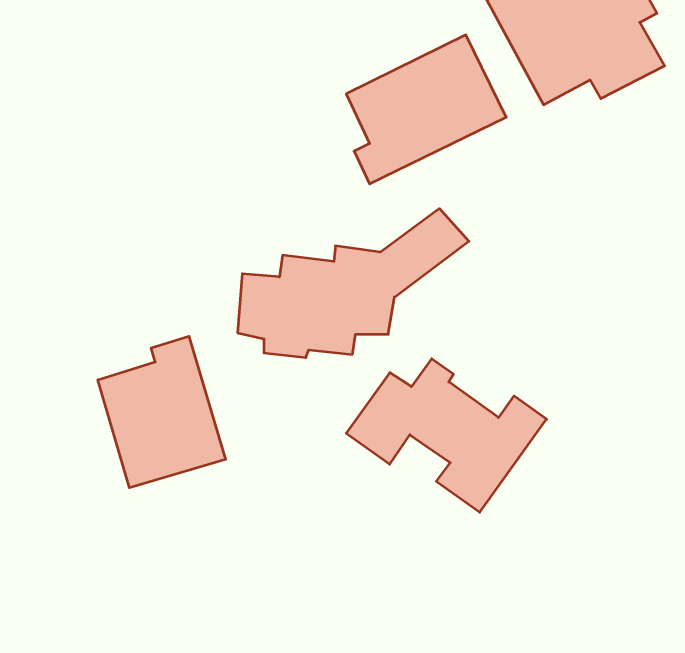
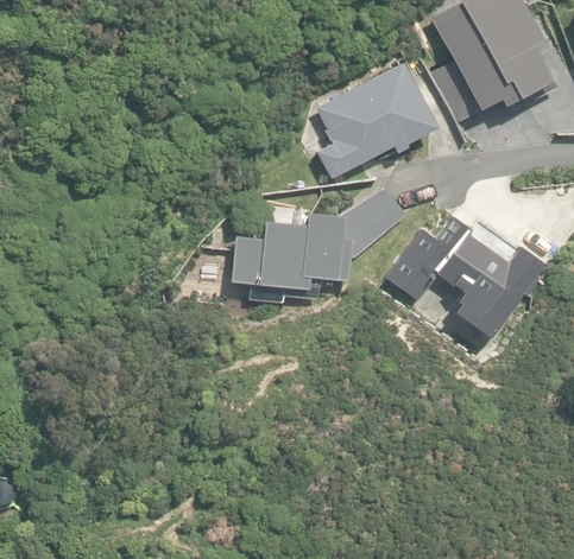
building: [98,336,226,488] -> none
building: [346,359,547,512] -> [389,216,542,334]

